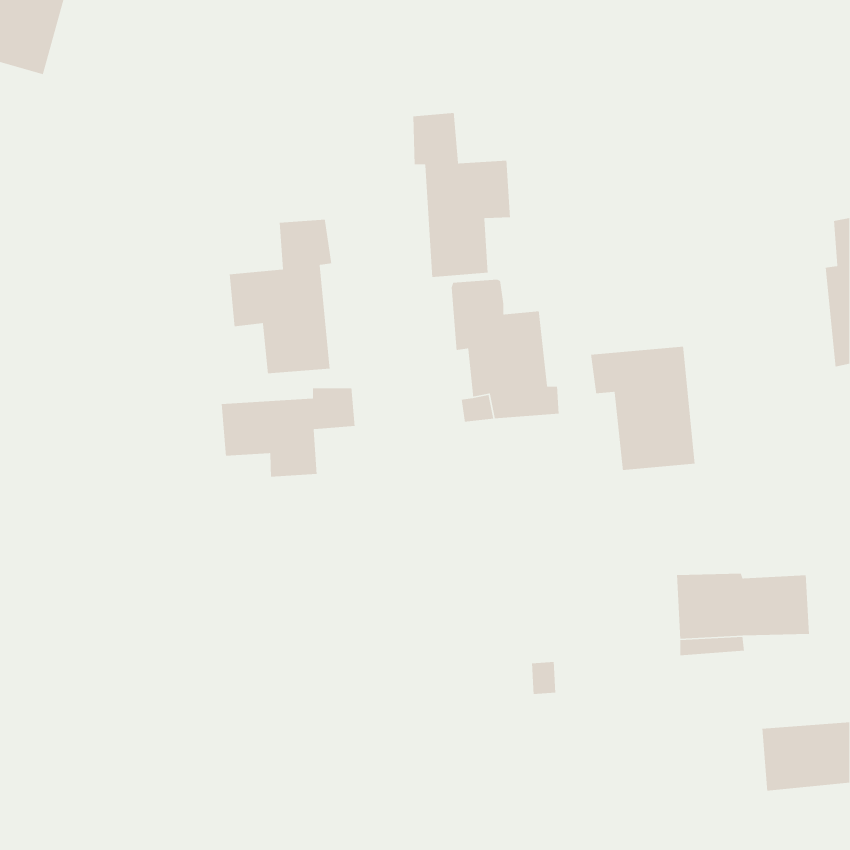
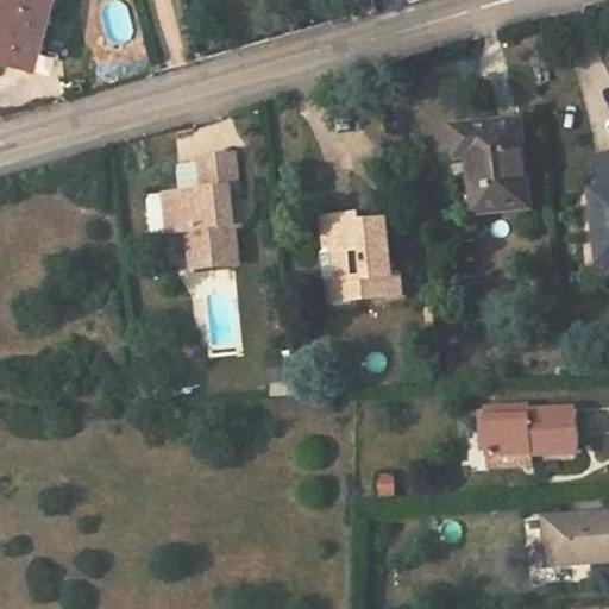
building: [413,112,511,278] -> none
building: [590,346,696,471] -> [451,123,526,212]
building: [221,387,356,478] -> none

